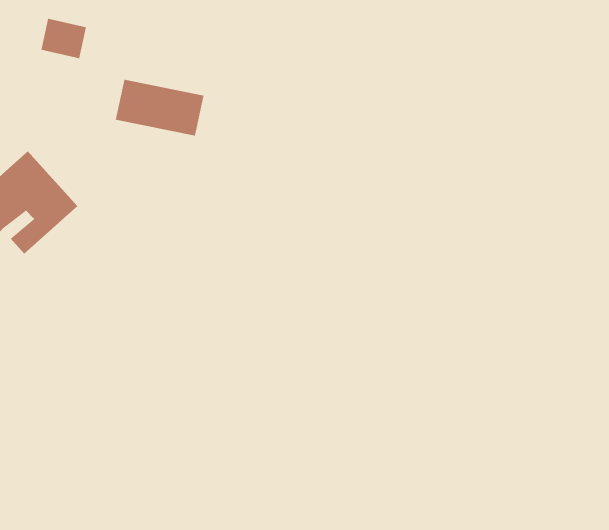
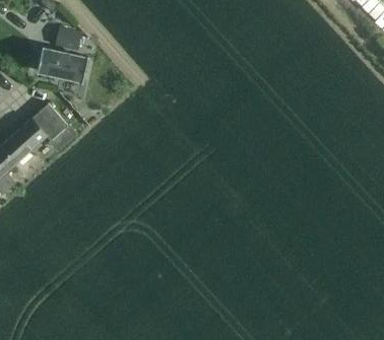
building: [115,79,204,136] -> [38,47,88,79]

